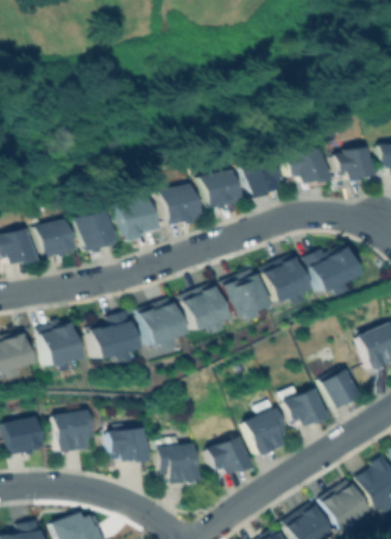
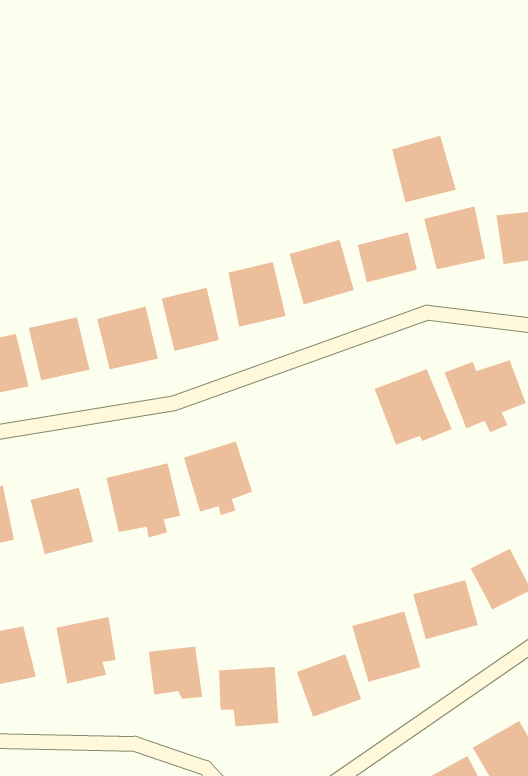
building: none -> [391,135,457,203]
building: [217,268,264,321] -> none
building: [177,283,223,331] -> none

